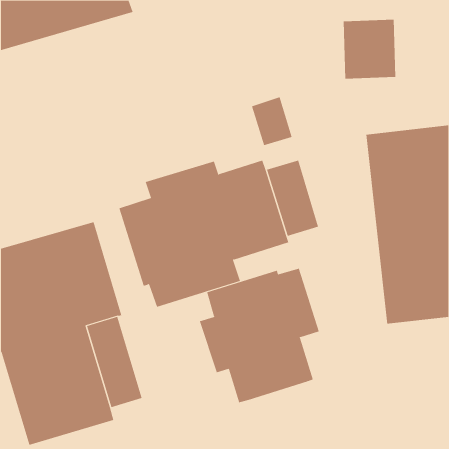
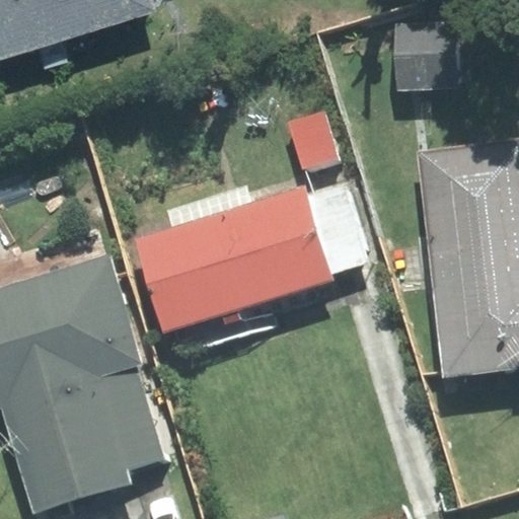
building: [199,268,320,403] -> none

